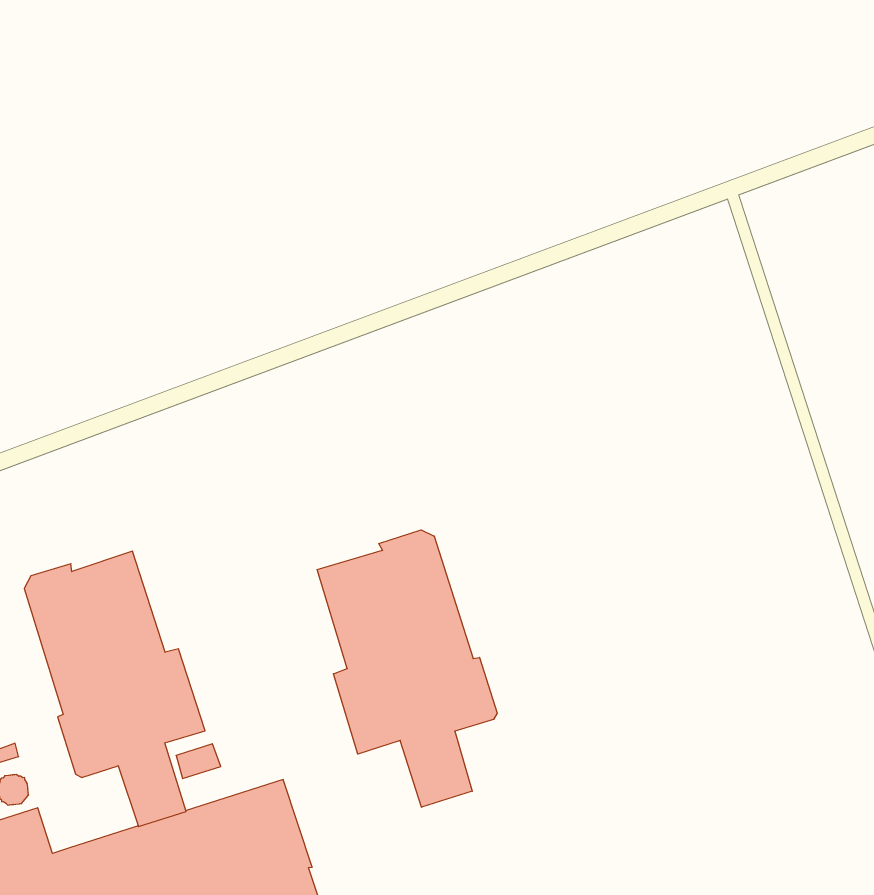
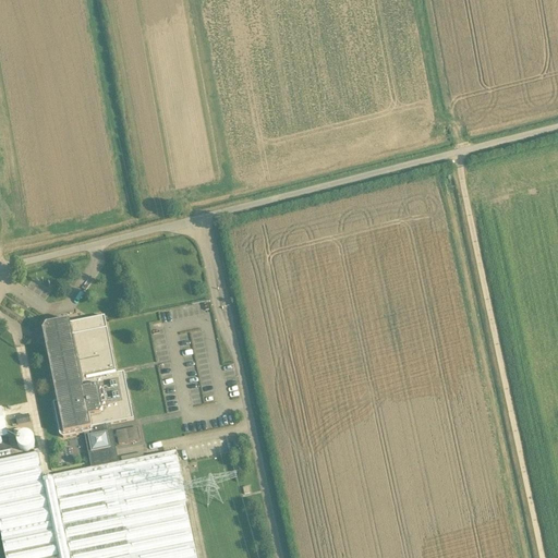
building: [317,530,497,807] -> none

